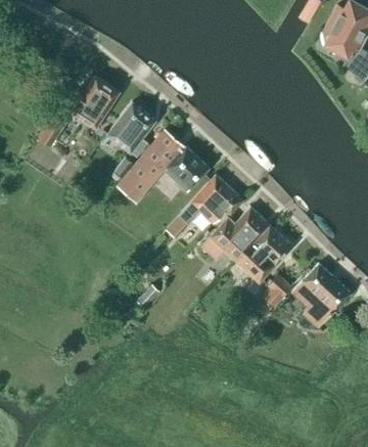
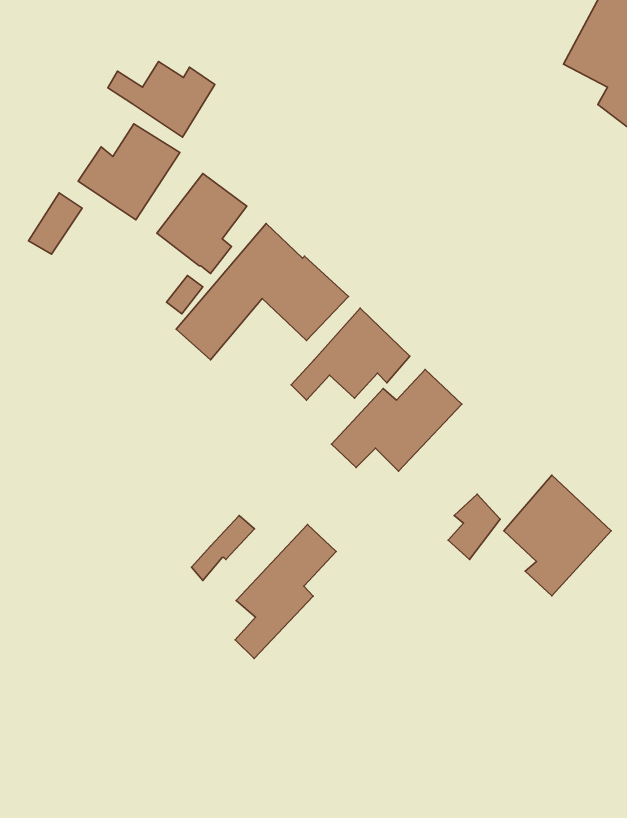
building: none -> [108,62,215,137]
building: [236,225,292,281] -> none
building: none -> [235,525,336,658]

